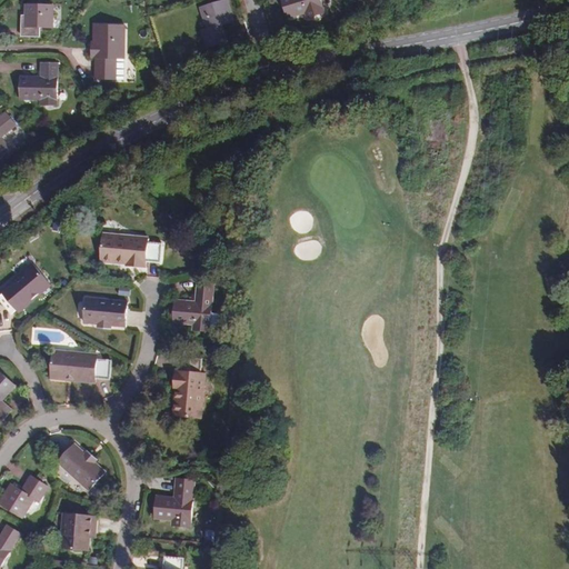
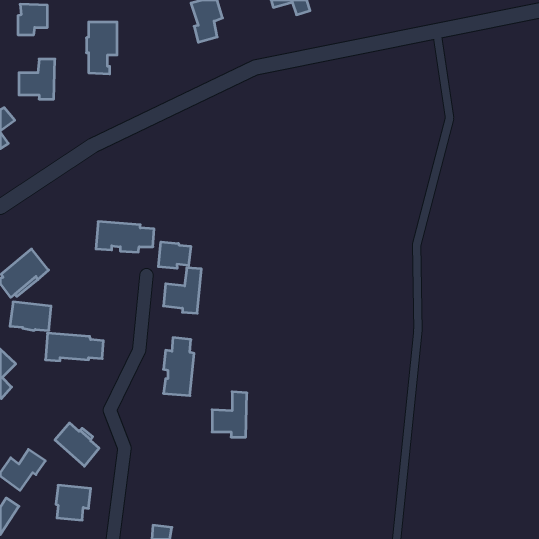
building: none -> [158,242,191,268]
building: [83,297,127,327] -> [10,302,51,330]
building: [154,476,191,523] -> [212,392,247,437]

